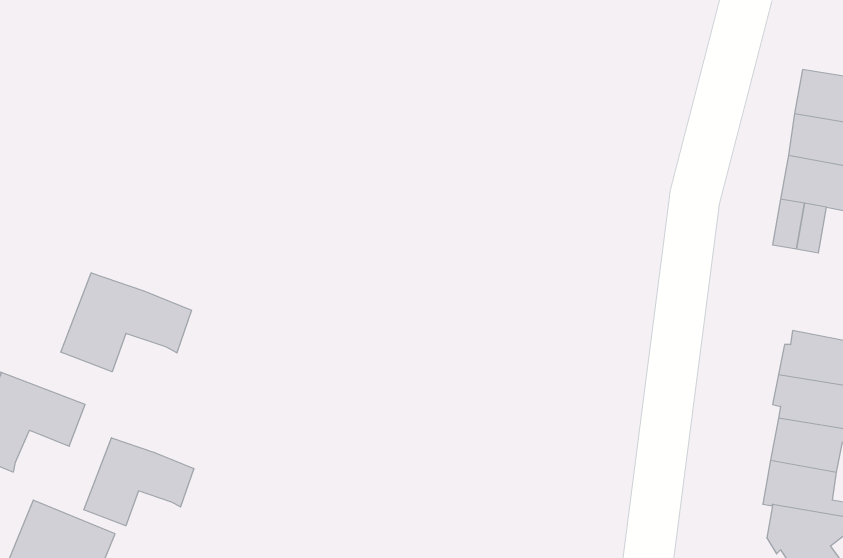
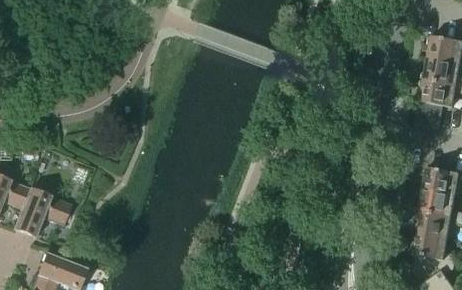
building: [61,273,192,372] -> none
building: [84,438,194,526] -> none

